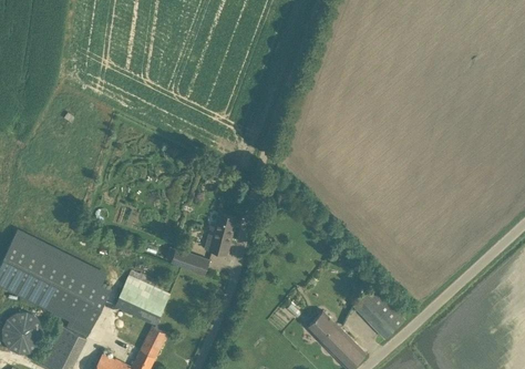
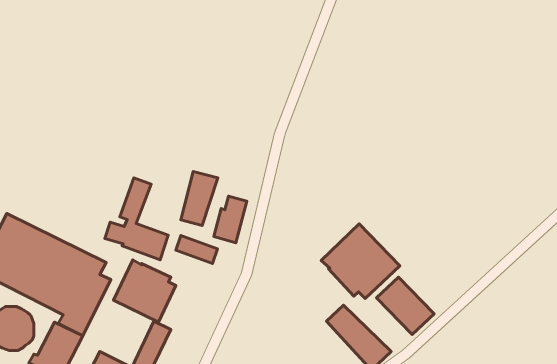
building: none -> [181,171,218,226]
building: none -> [105,178,168,260]
building: none -> [321,224,400,299]

